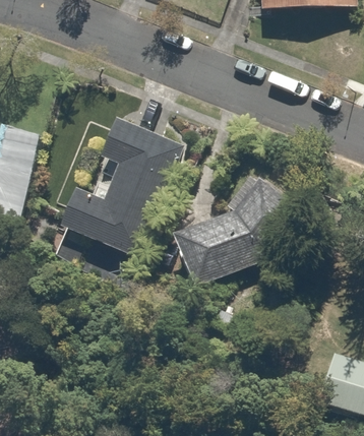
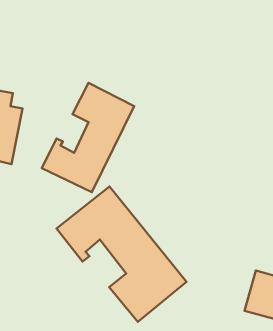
building: [178,175,302,282] -> none
building: none -> [56,186,186,322]

